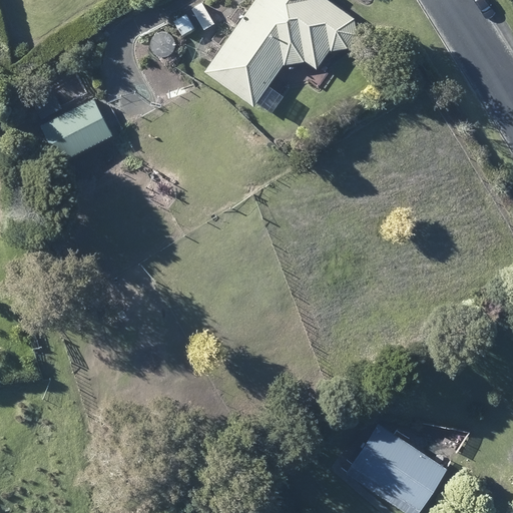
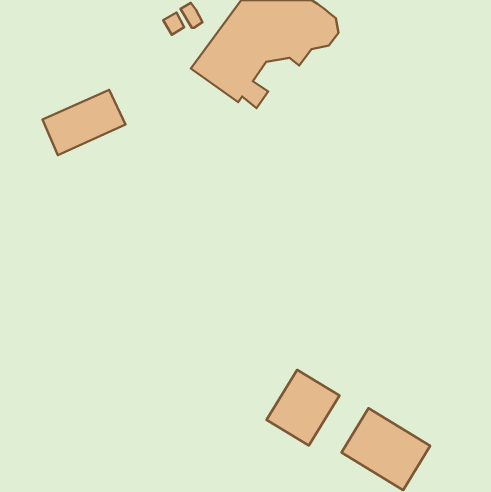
building: none -> [267,370,339,446]

